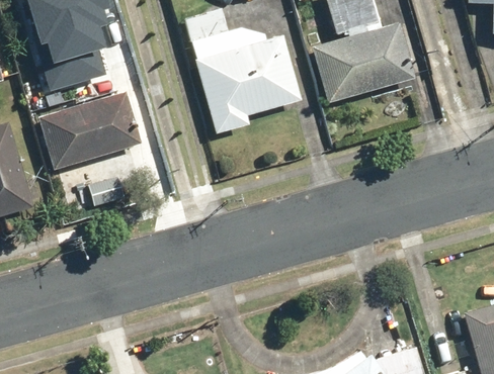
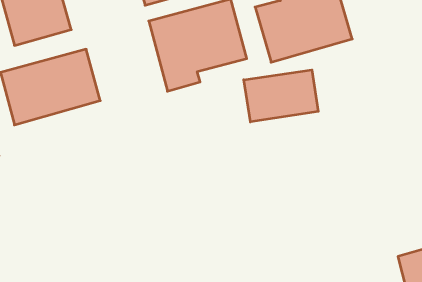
building: none -> [244,70,318,122]

